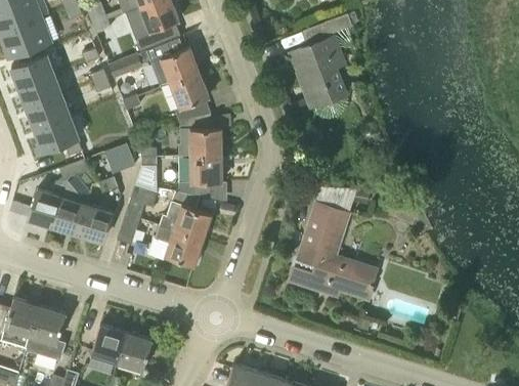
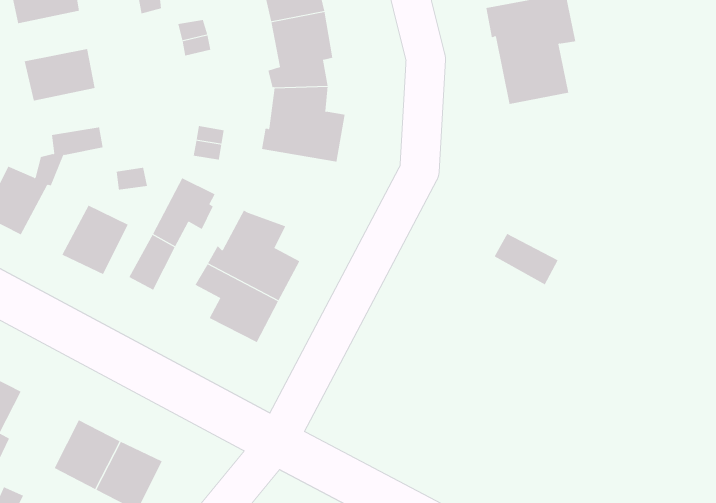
building: [29,95,71,129] -> none
building: [103,143,134,174] -> none
building: [177,156,222,201] -> none
building: [51,197,86,234] -> none
building: [291,203,378,301] -> none

